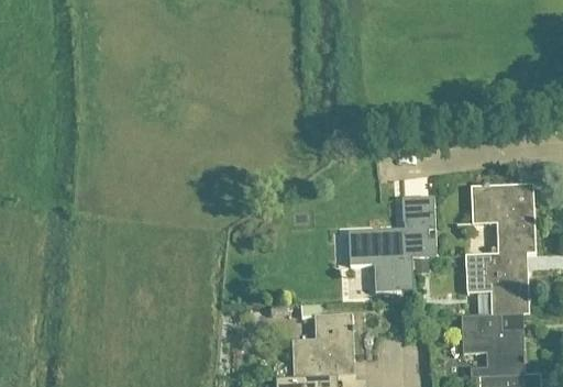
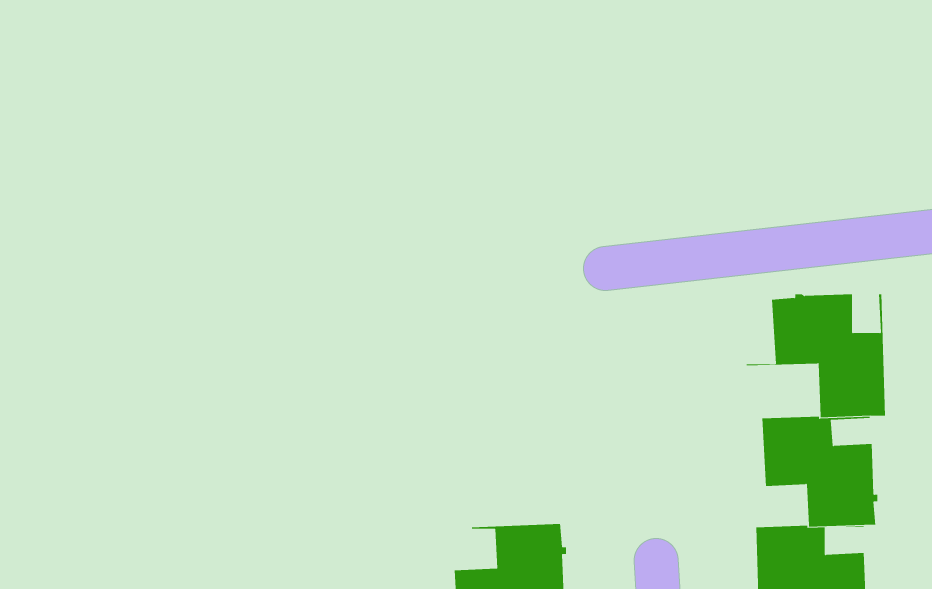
building: [335,197,435,291] -> none

